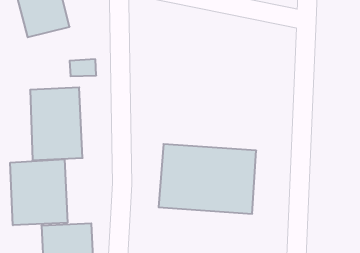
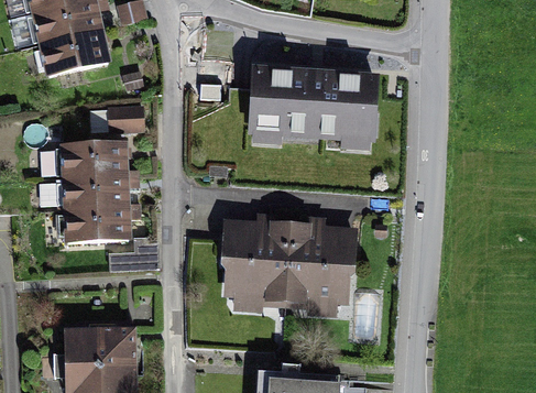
building: none -> [254,70,383,139]
building: [10,159,67,225] -> none

